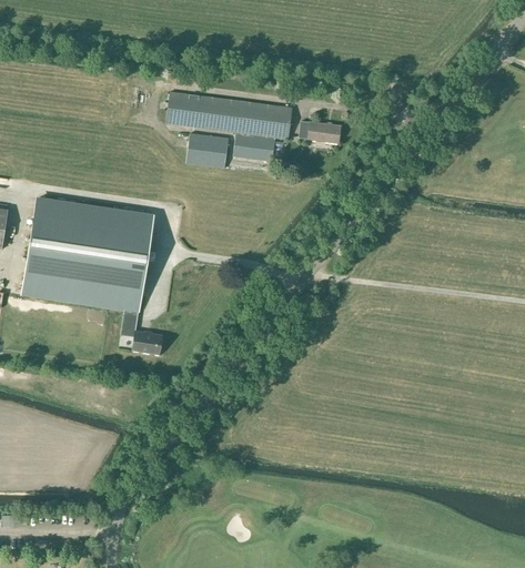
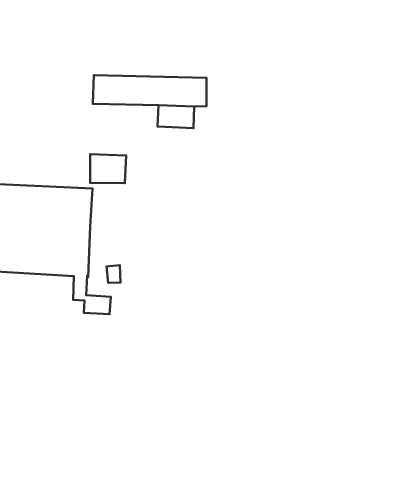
building: [299,121,340,144] -> none
building: [185,132,228,168] -> [90,154,126,183]

